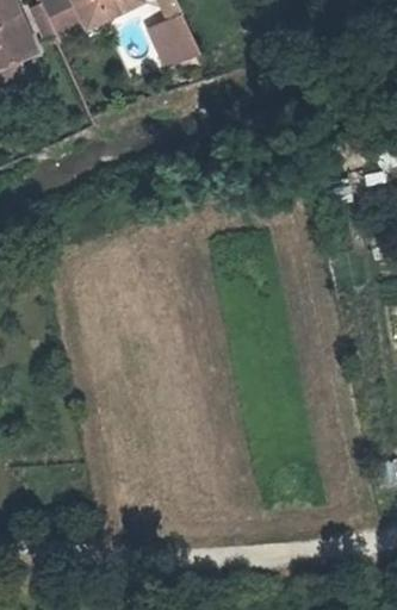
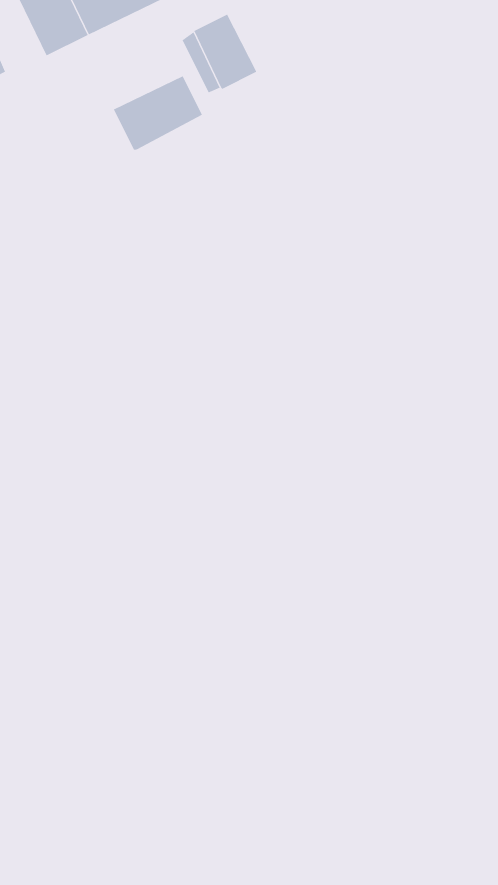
building: none -> [113,75,204,150]

